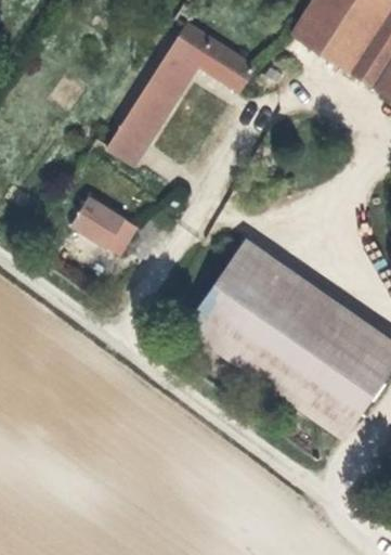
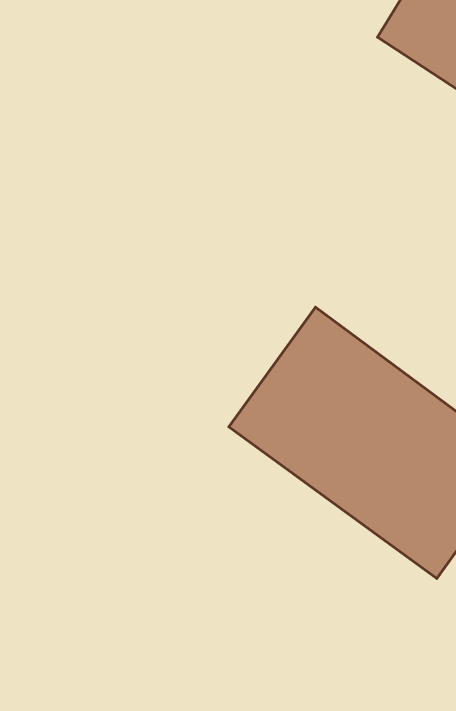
building: [107,26,255,163] -> none
building: [75,199,138,256] -> none

